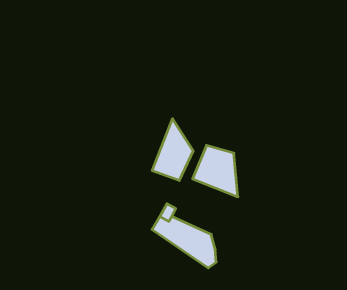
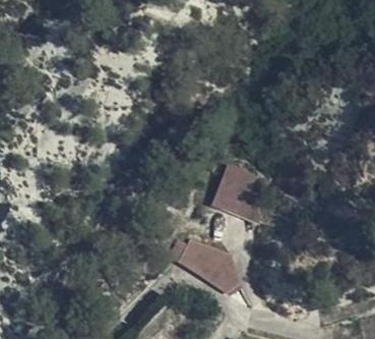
building: [152,119,193,181] -> none

